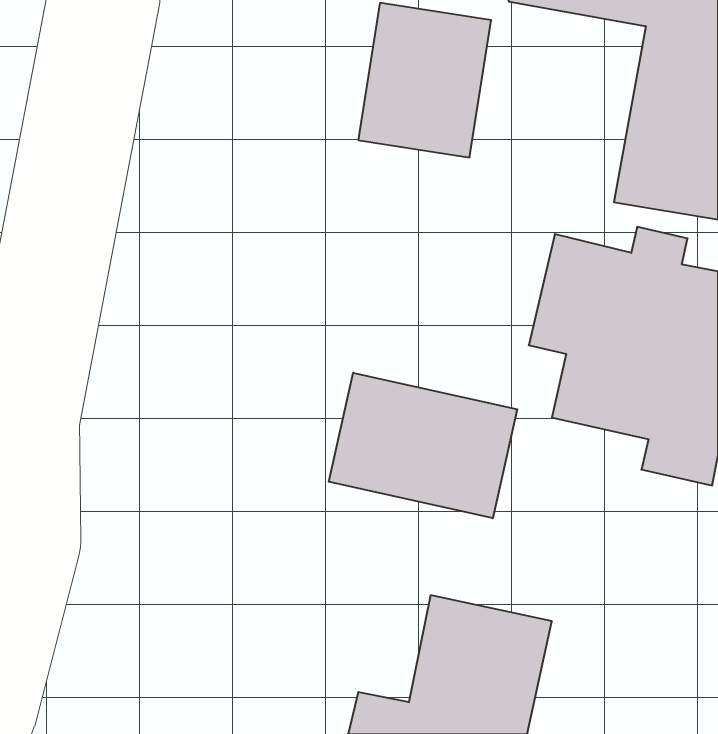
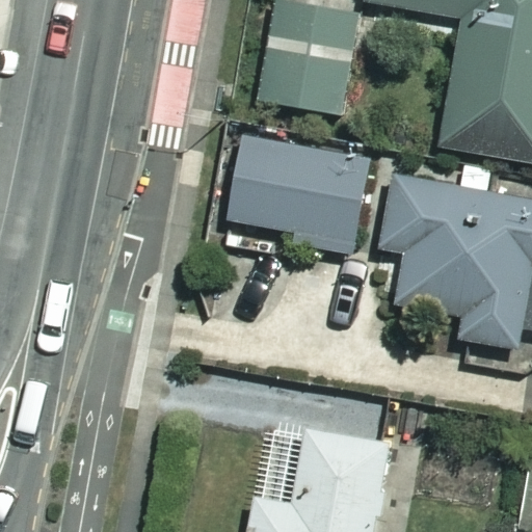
building: none -> [225,132,375,257]
building: [329,373,517,518] -> none

